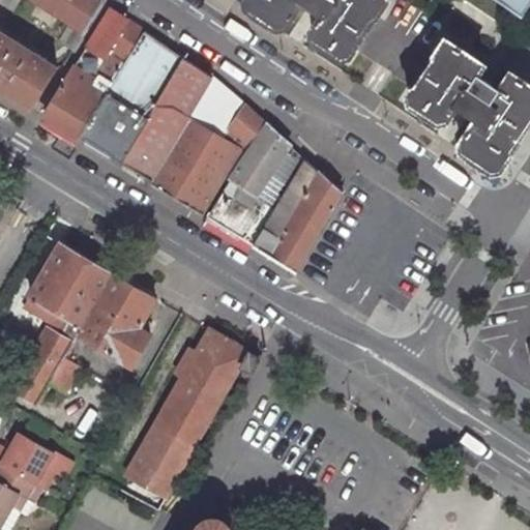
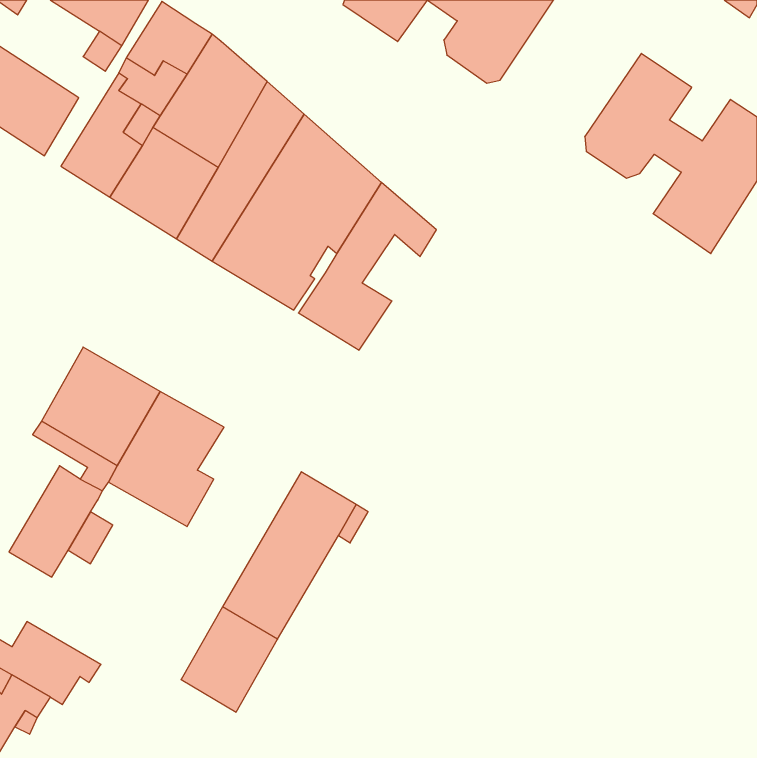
building: [251,160,343,272] -> none

